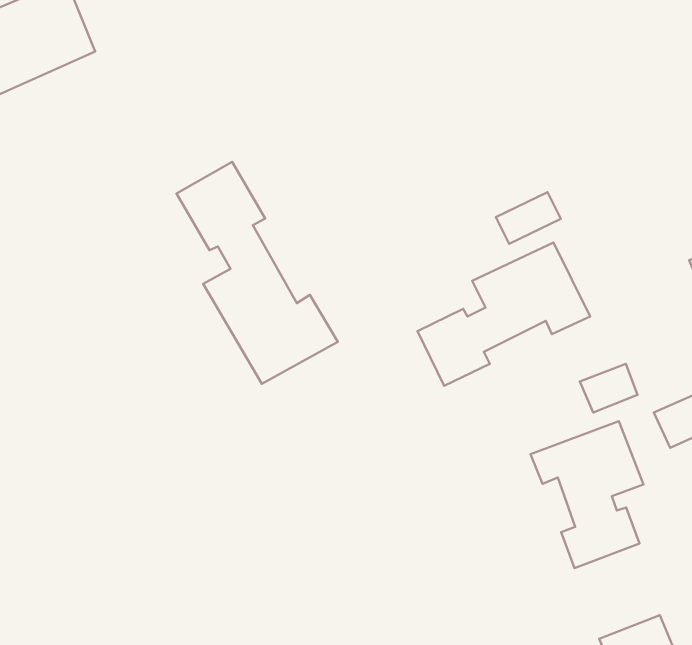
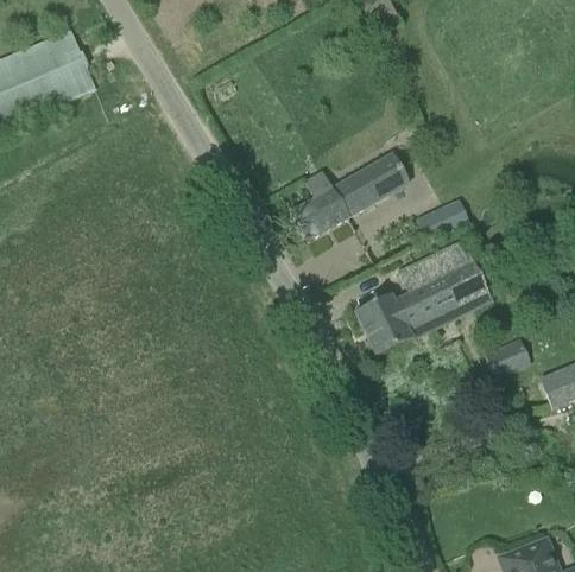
building: none -> [289,154,406,242]
building: [177,162,338,384] -> none
building: [530,421,644,568] -> none

